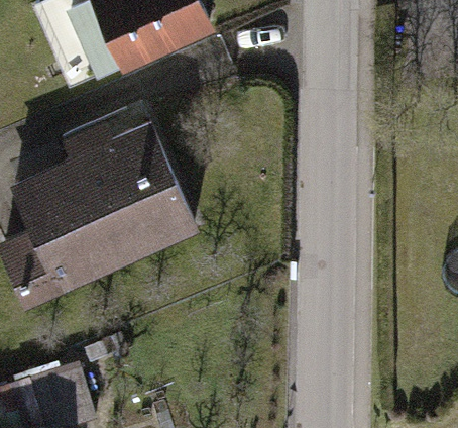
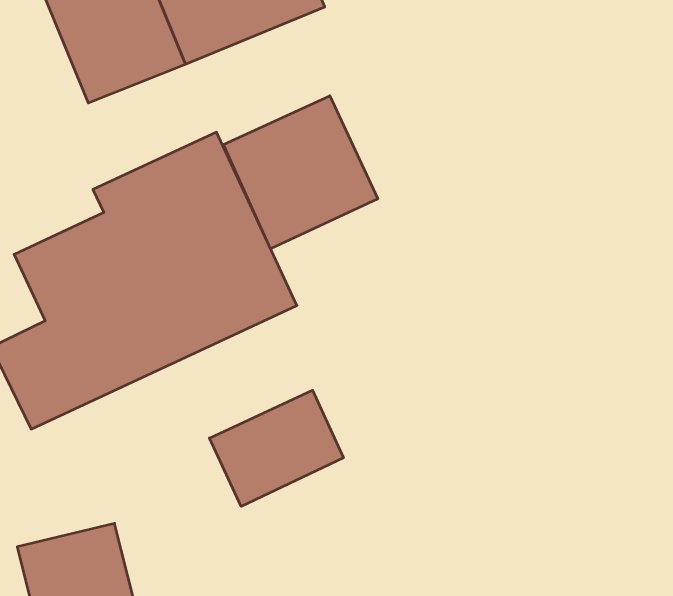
building: none -> [223,96,378,249]
building: none -> [209,390,343,506]

